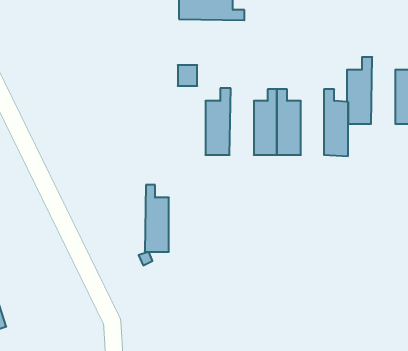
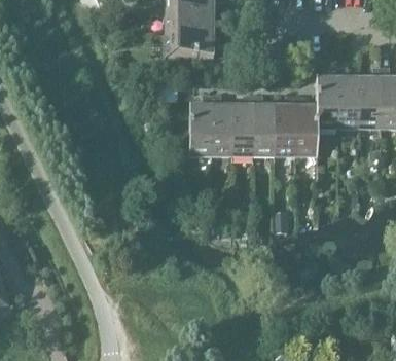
building: none -> [166,32,224,55]
building: none -> [337,66,359,125]
building: none -> [275,95,295,153]
building: [145,185,169,252] -> [211,94,232,153]

